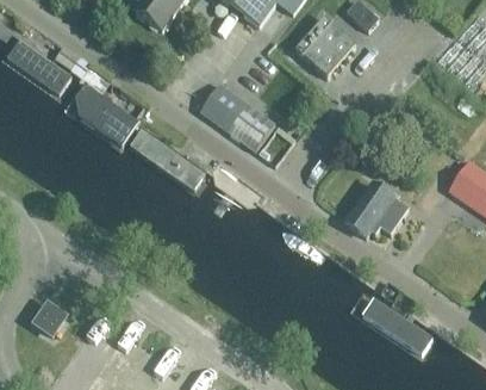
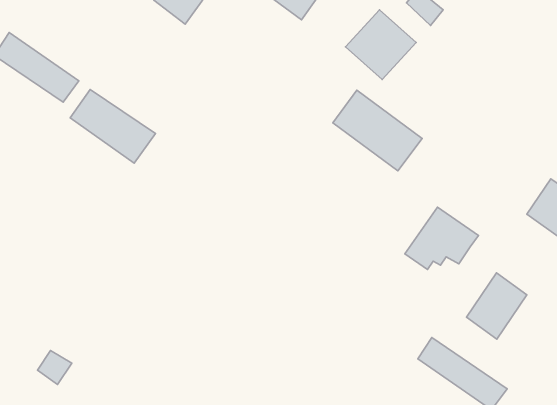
building: [201,85,276,153] -> [333,90,422,171]
building: [129,130,204,192] -> none
building: none -> [467,273,527,339]

